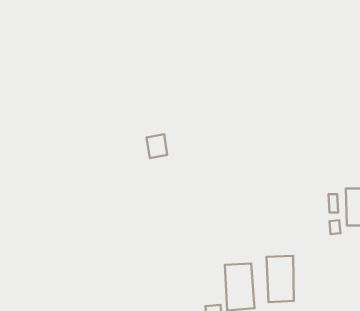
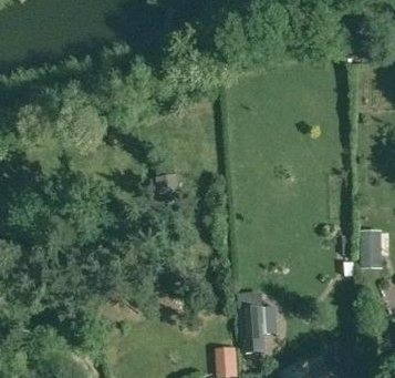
building: [266,256,294,302] -> none

